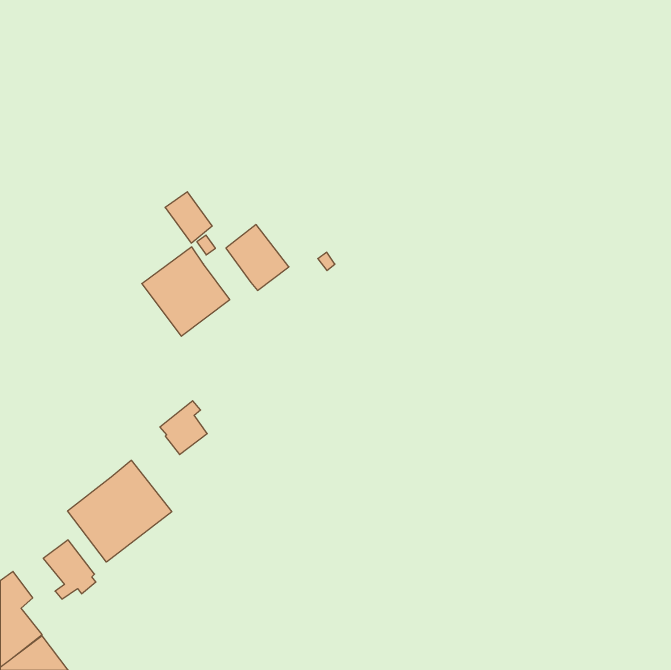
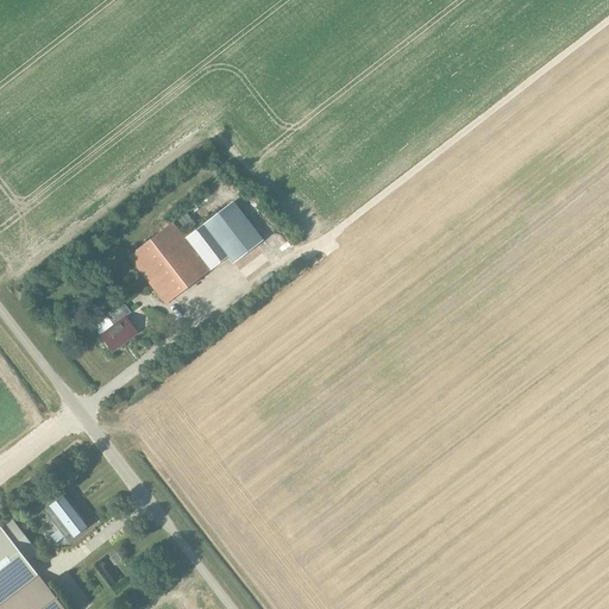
building: [165,192,212,243] -> [184,225,227,271]
building: [160,401,207,455] -> [94,303,137,352]
building: [68,460,172,562] -> none

